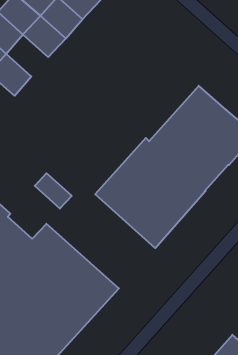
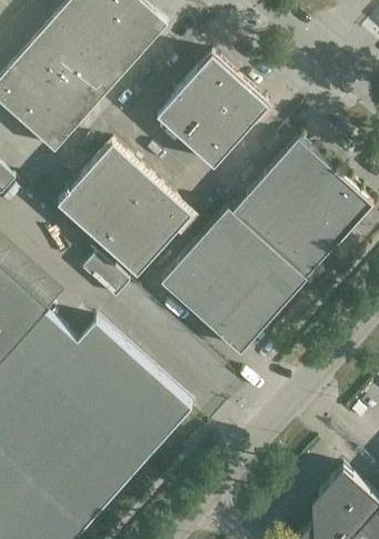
building: none -> [157,56,268,167]
building: none -> [43,71,99,127]
building: none -> [58,143,191,276]

